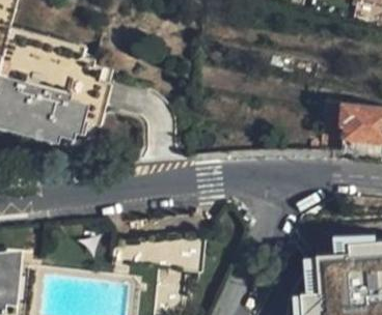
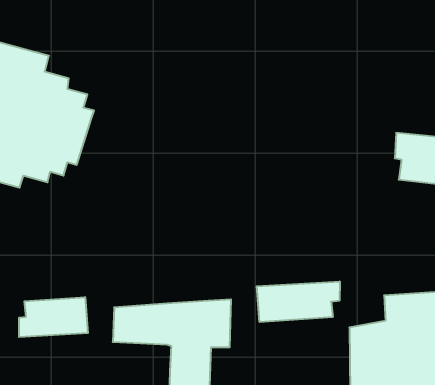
building: none -> [257,281,340,322]
building: none -> [19,297,88,337]

